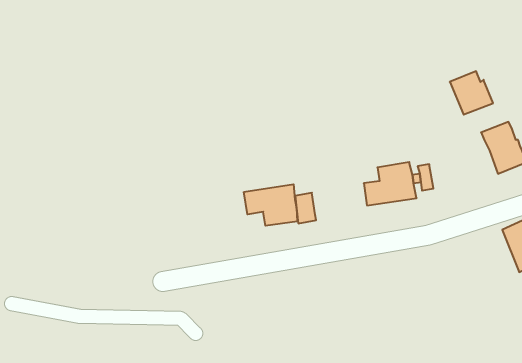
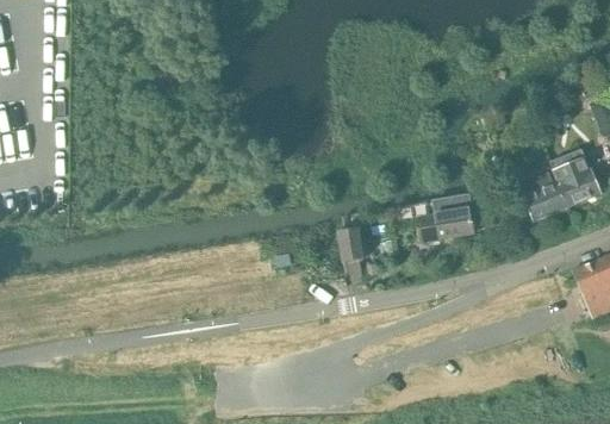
building: [450,71,493,115] -> [519,170,568,219]
building: [244,184,297,226] -> none

